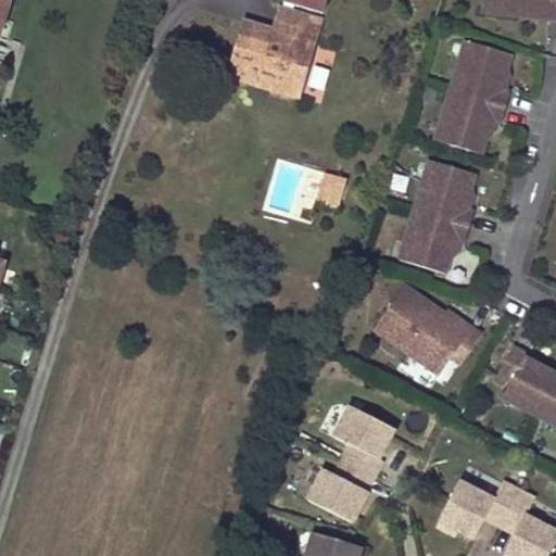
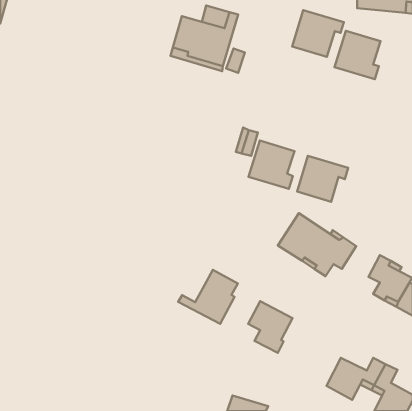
building: [435,90,505,153] -> [292,10,344,57]
building: [415,161,477,226] -> [248,141,294,189]
building: none -> [178,270,238,324]
building: [308,458,375,521] -> none

